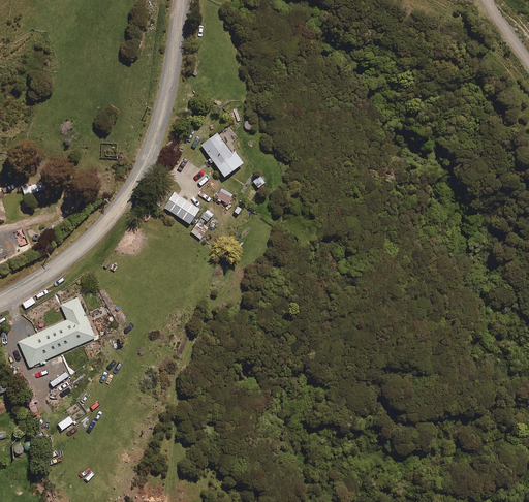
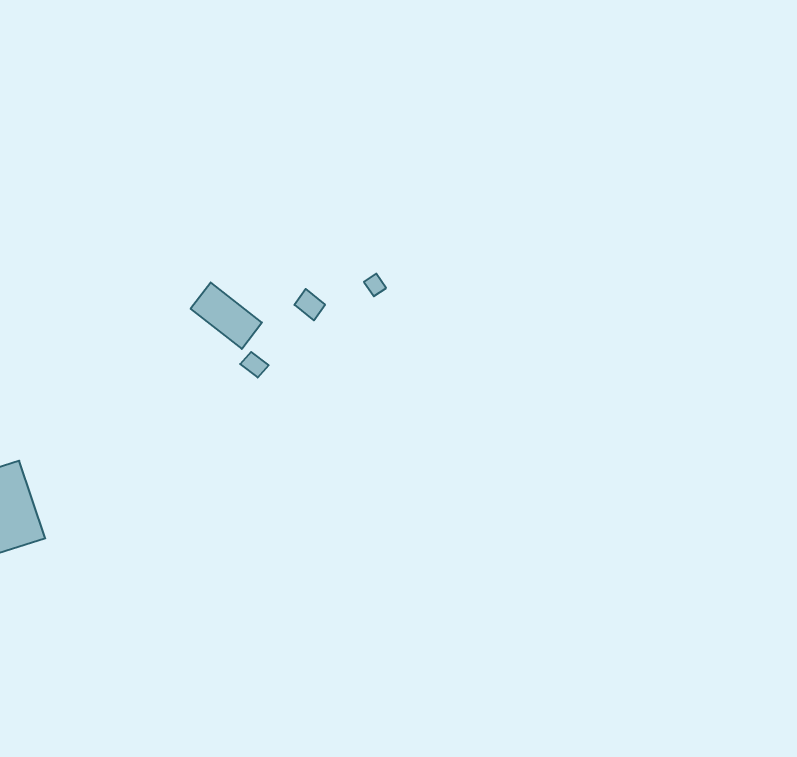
building: [200,133,243,177] -> none

